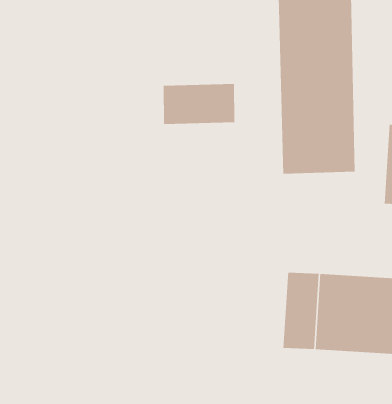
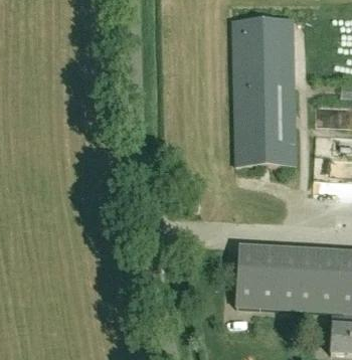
building: [163,83,235,125] -> none

